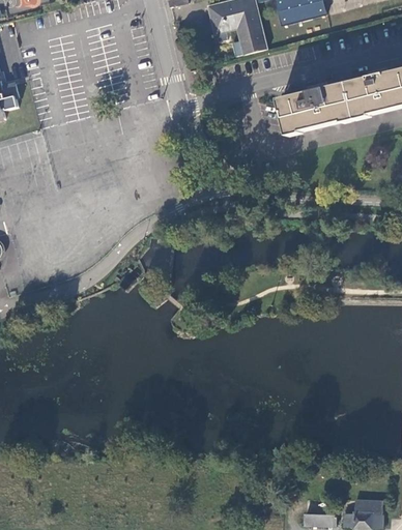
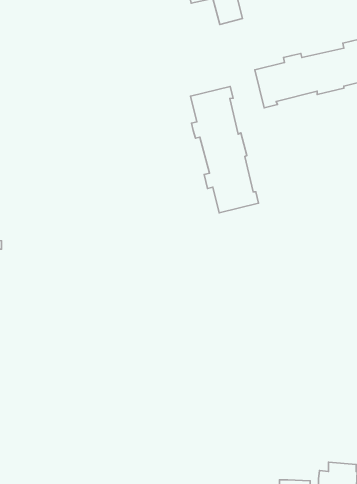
building: none -> [191,87,259,213]

